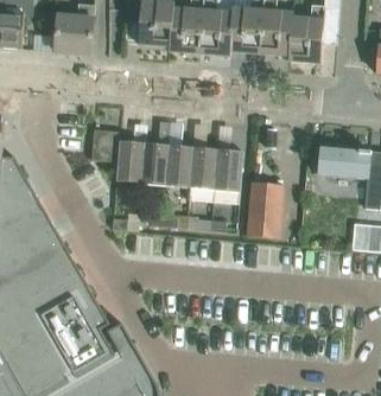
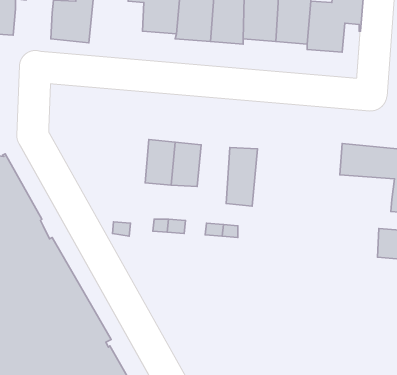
building: [91,129,145,181] -> none
building: [189,147,218,200] -> none
building: [247,181,284,238] -> none

